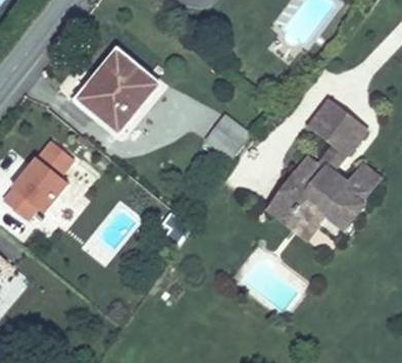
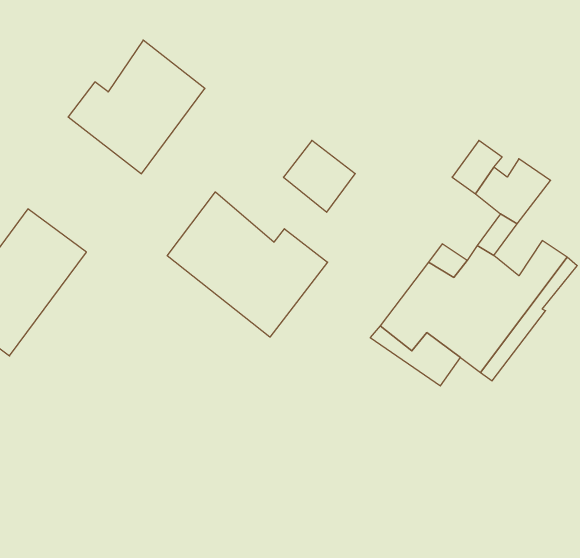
building: none -> [167,192,328,337]

